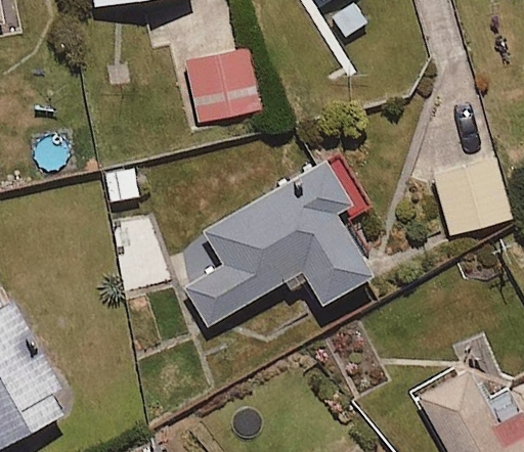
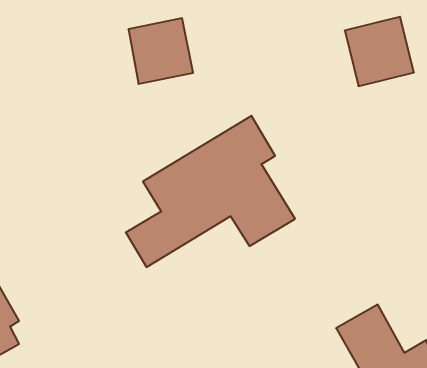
building: [433,159,511,236] -> [345,17,414,86]

